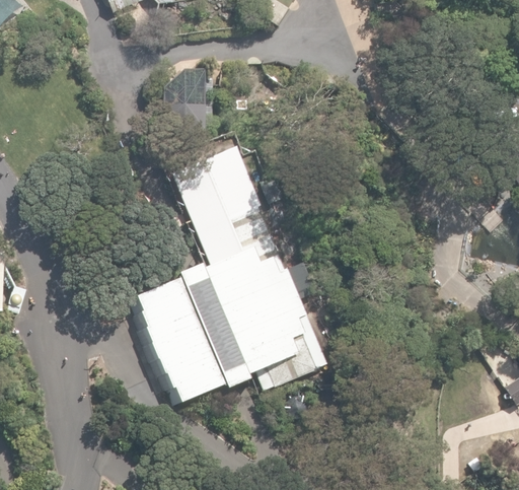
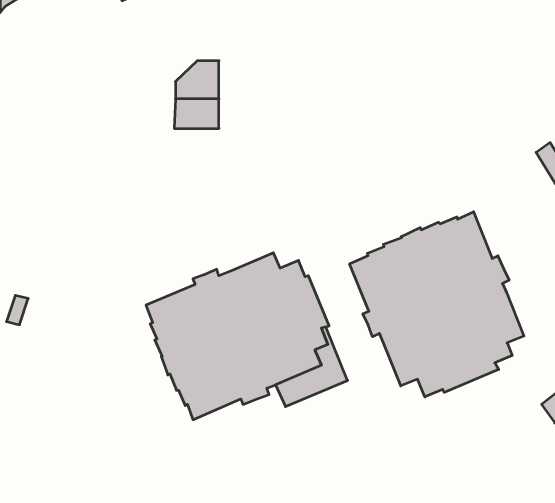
building: [176,147,279,263] -> none
building: none -> [350,212,524,397]

